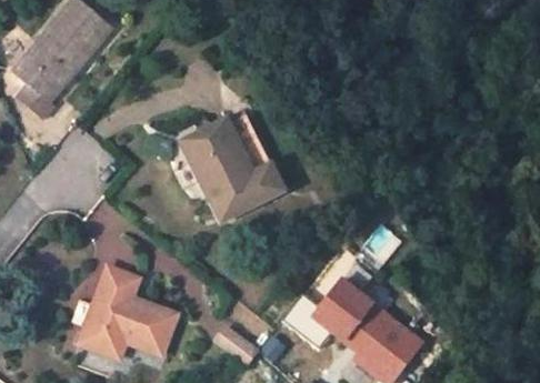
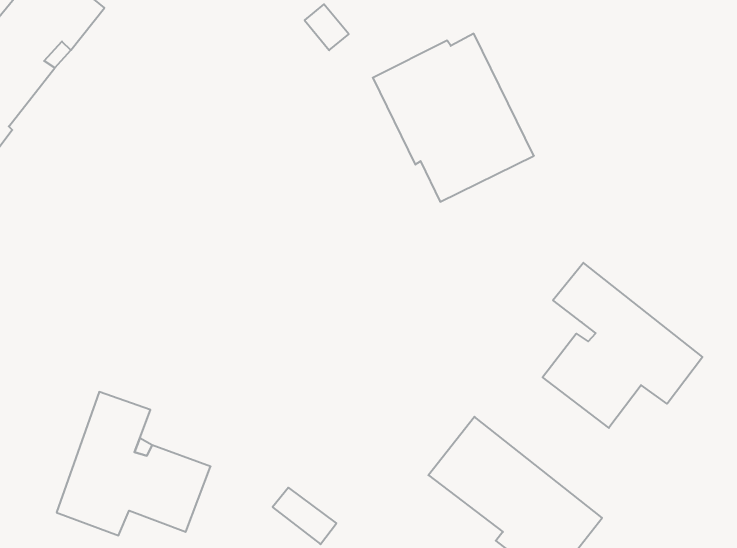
building: [181,113,282,219] -> [373,34,534,202]
building: none -> [543,263,702,428]

